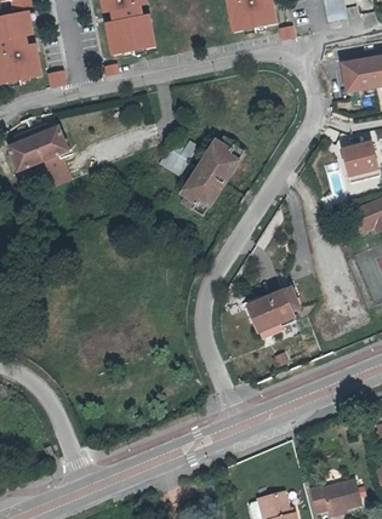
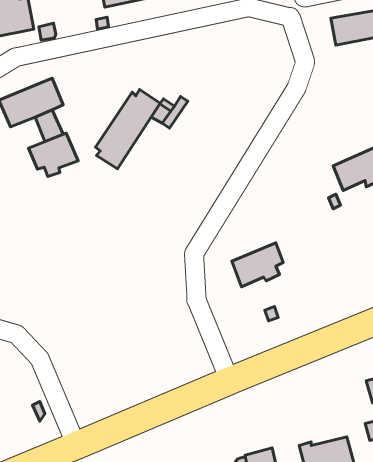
building: [179,138,244,217] -> [95,90,160,169]
building: [336,139,372,175] -> none
building: none -> [28,133,78,177]

